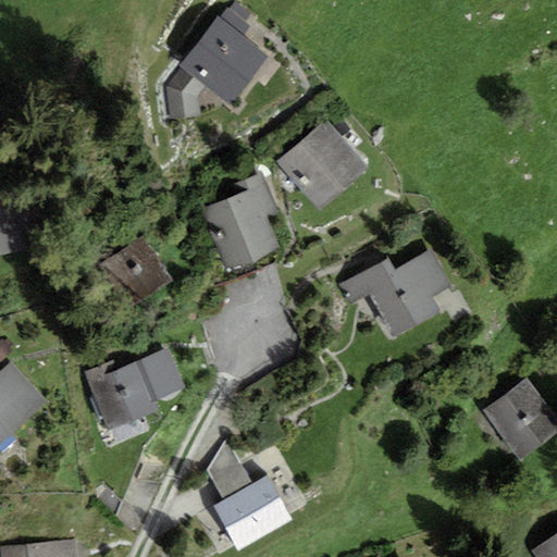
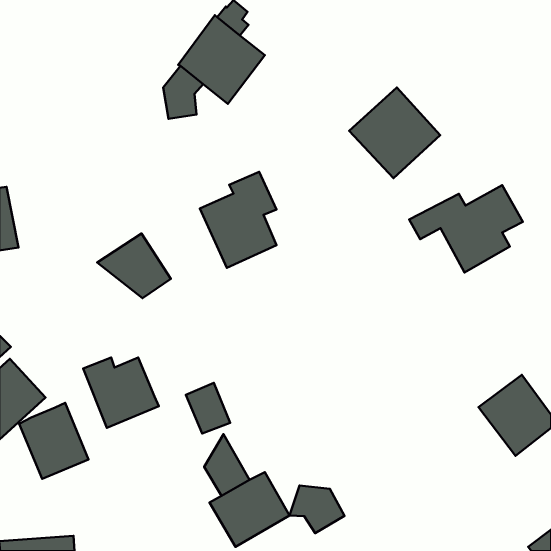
building: [275,117,367,209] -> [349,88,440,178]
building: [337,249,451,337] -> [409,185,523,273]
building: [139,348,184,399] -> [186,383,230,434]
building: none -> [19,403,89,479]
building: none -> [290,485,345,533]

